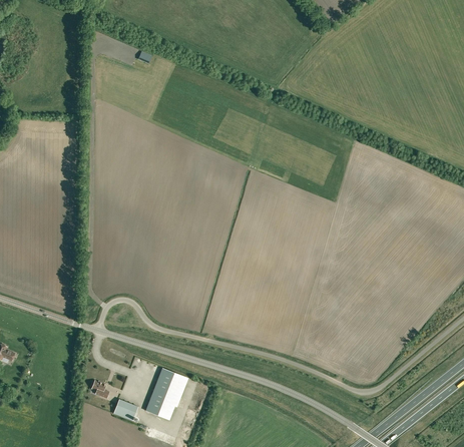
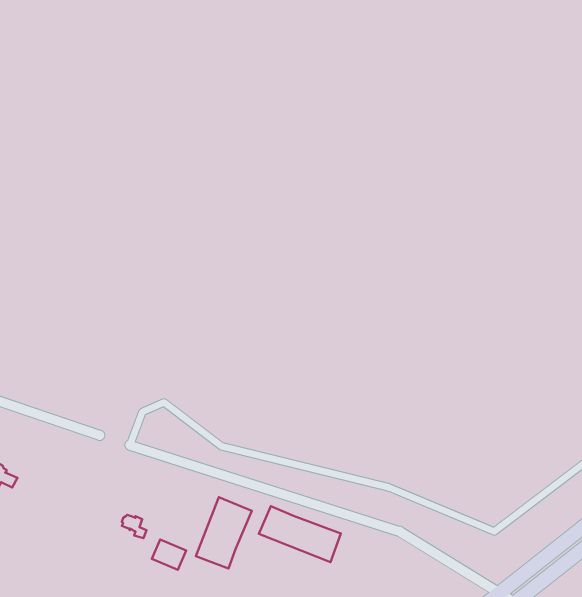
building: none -> [259,506,341,562]

